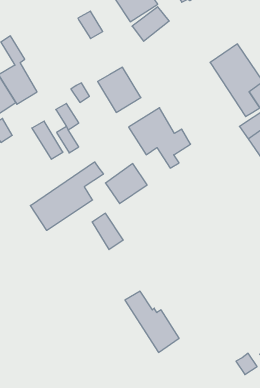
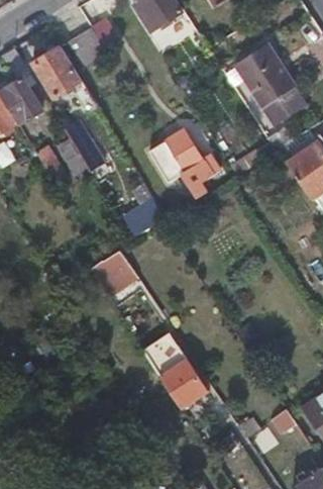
building: none -> [68,28,106,67]
building: [98,67,141,112] -> [38,54,88,105]
building: [30,162,103,230] -> none

